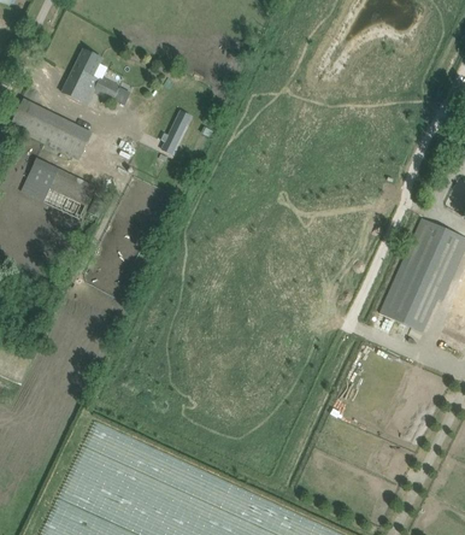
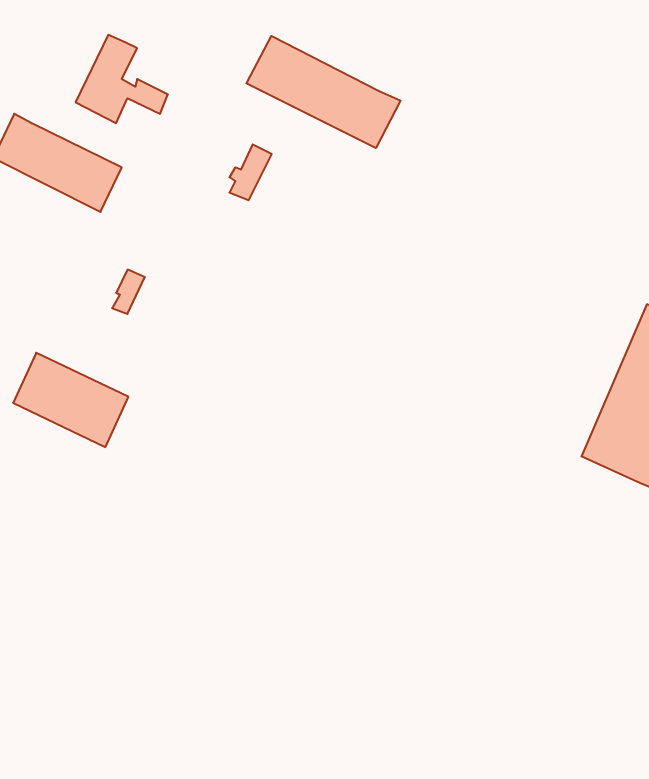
building: none -> [246,36,401,148]
building: [22,158,94,217] -> [13,353,128,447]

